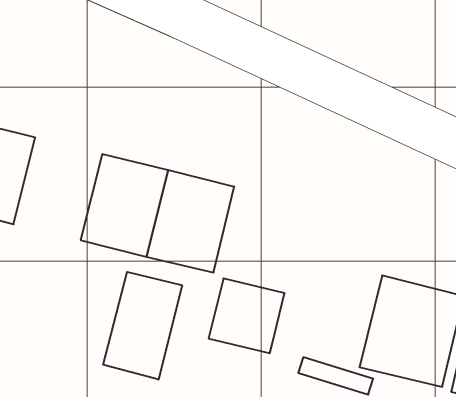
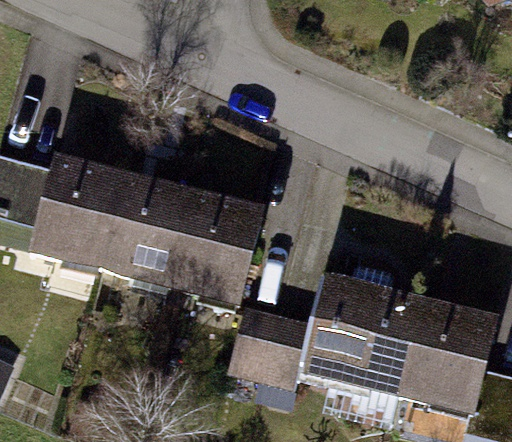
building: none -> [36,162,126,266]
building: none -> [304,282,410,395]
building: [103,272,182,380] -> none

